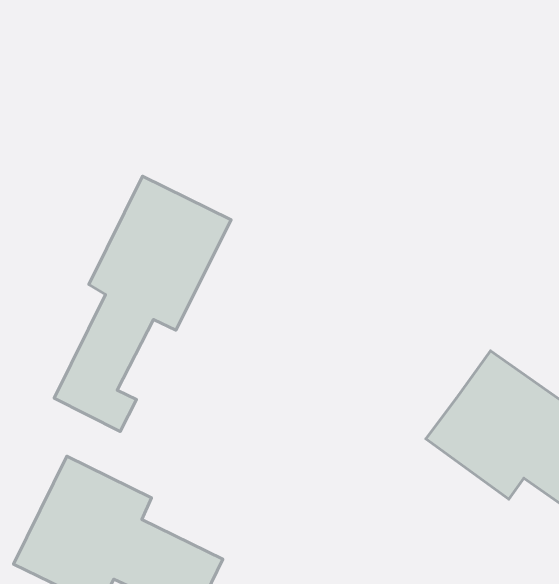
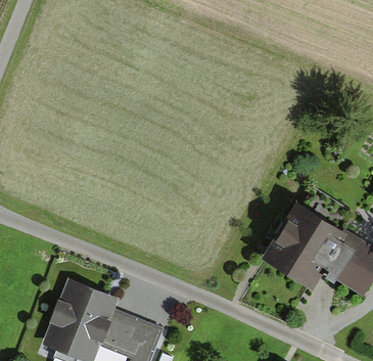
building: [54,176,231,431] -> none

